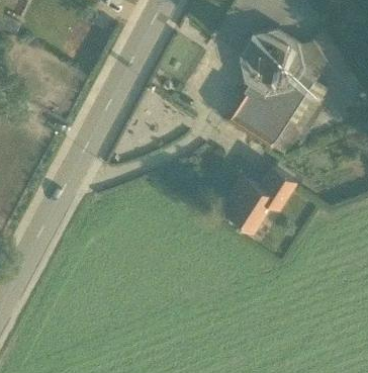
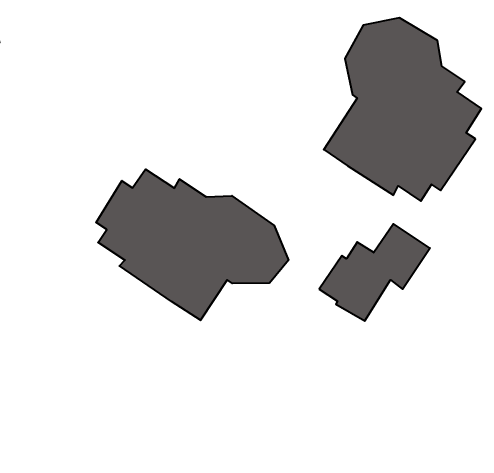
building: none -> [96,169,289,320]

